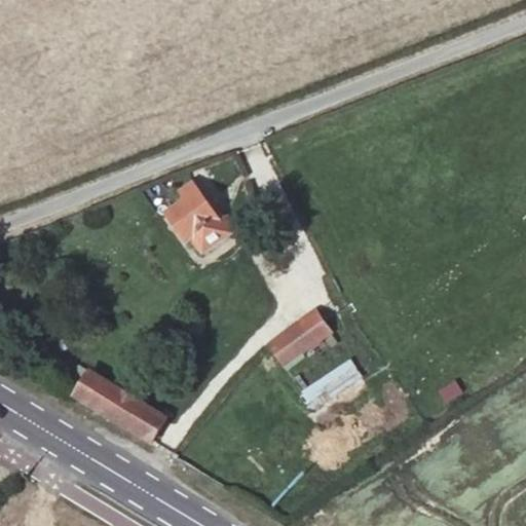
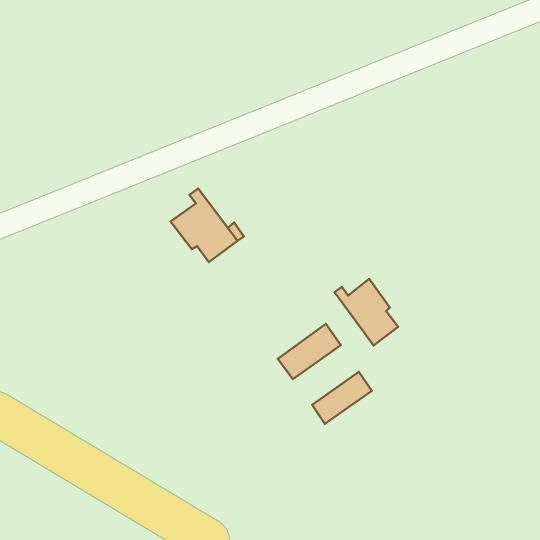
building: none -> [335,279,398,345]
building: [73,369,164,440] -> none

